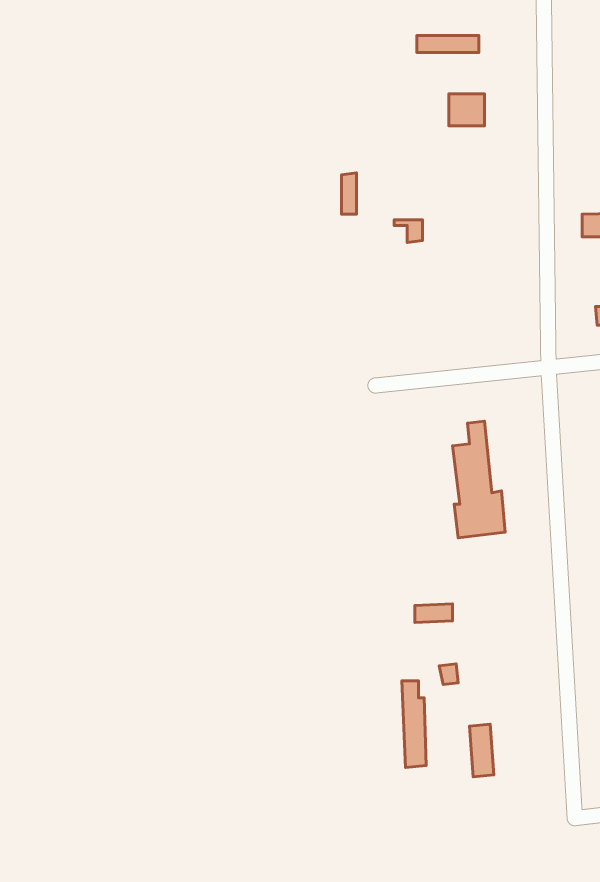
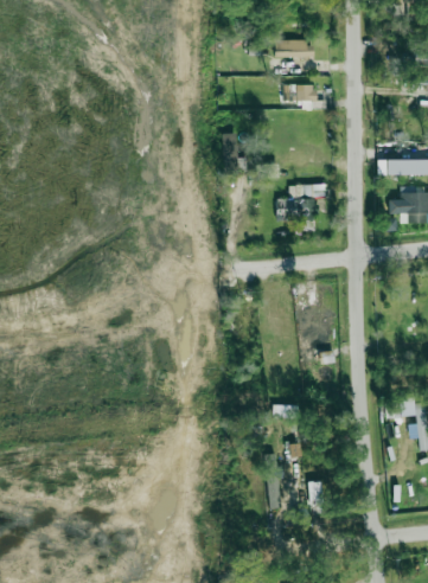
building: none -> [289,186,313,220]

